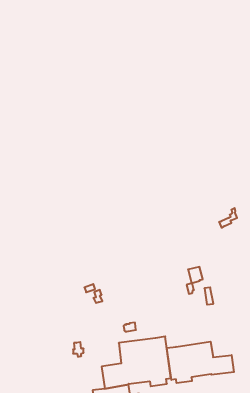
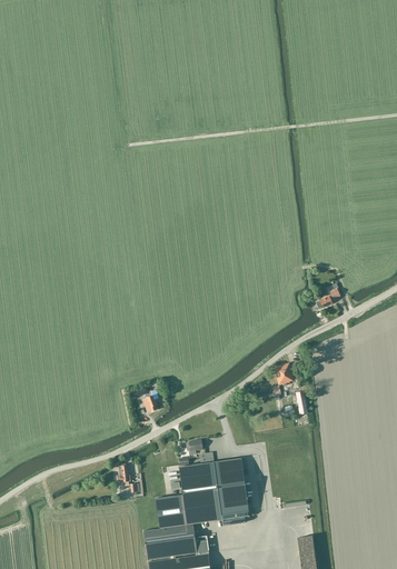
building: [167,342,234,383] -> none

